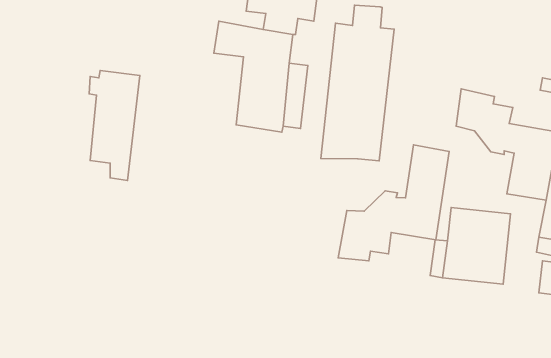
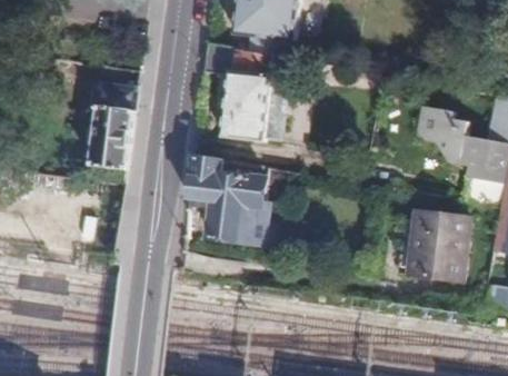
building: [321,5,394,161] -> none
building: [338,145,449,261] -> none
building: none -> [189,156,269,247]

